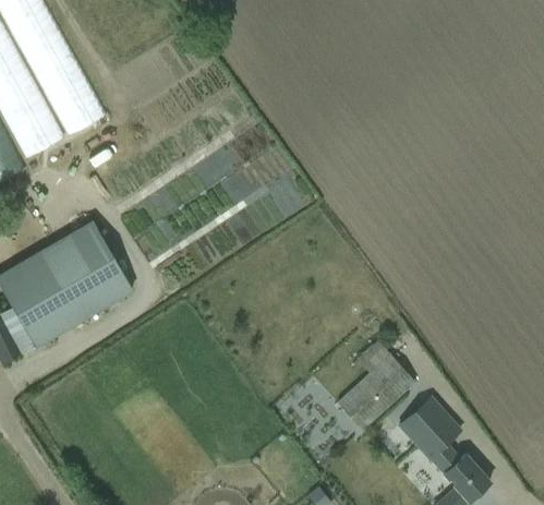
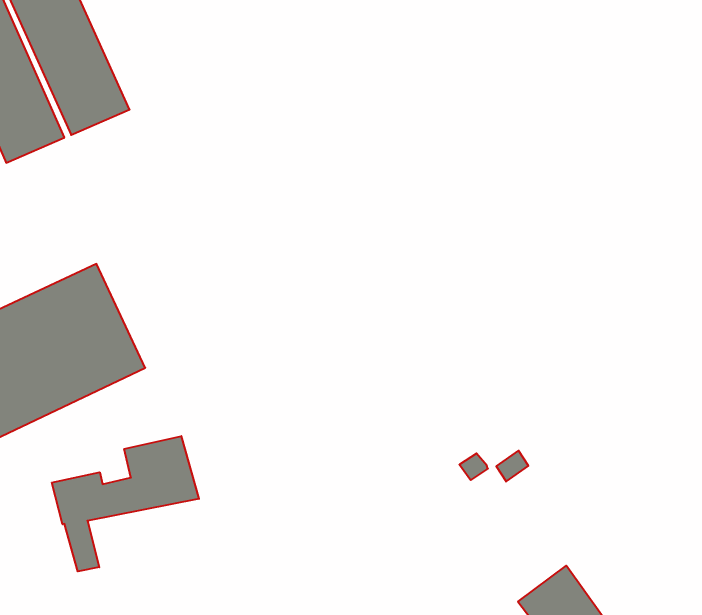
building: none -> [52,436,199,571]
building: [336,341,414,432] -> none

